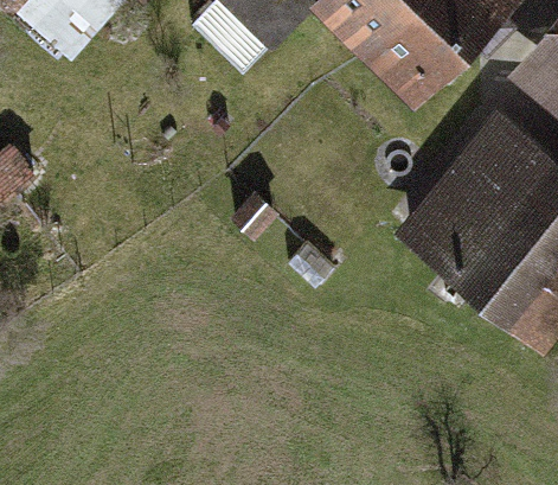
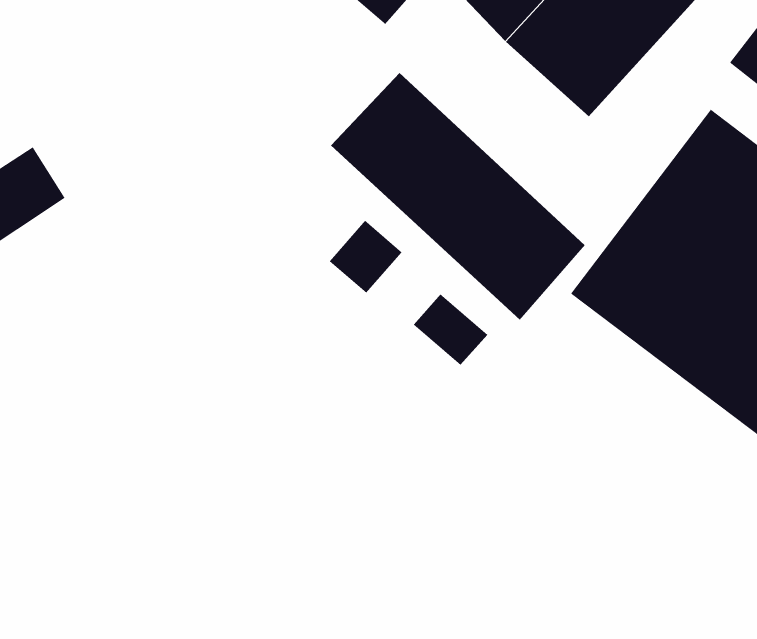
building: none -> [330,72,586,320]

